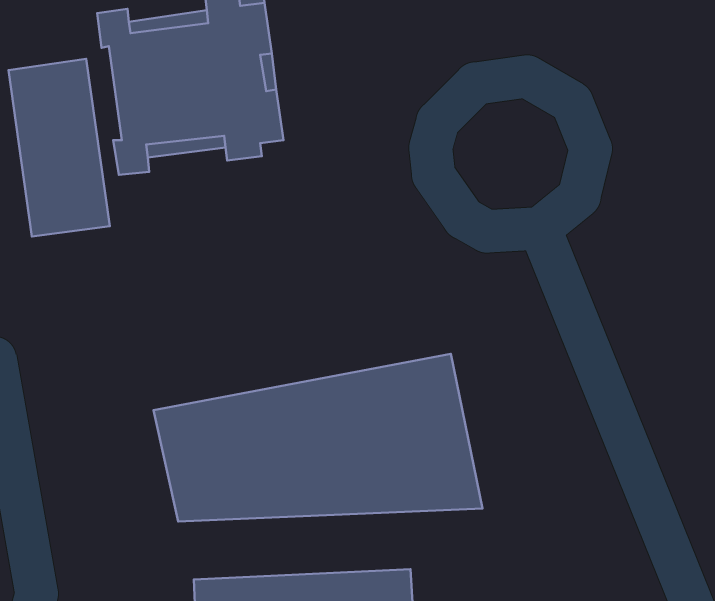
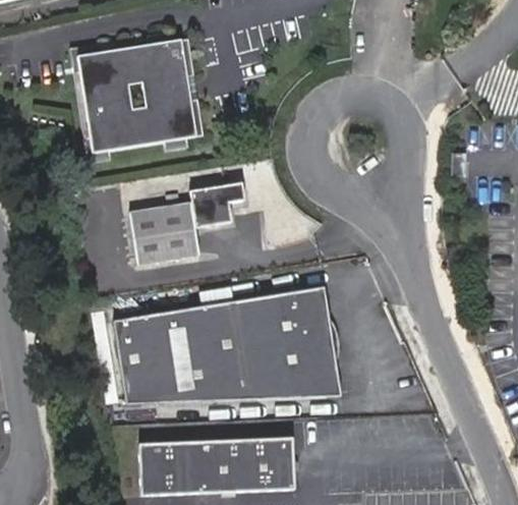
building: [8,59,110,237] -> none
building: none -> [124,188,227,269]

